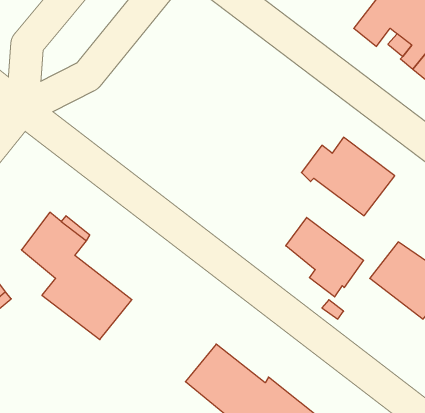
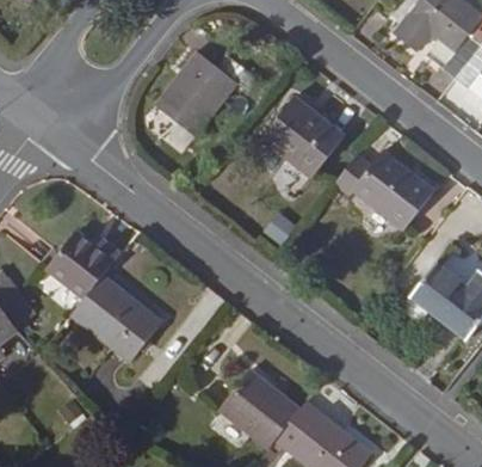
building: none -> [155,50,260,137]
building: none -> [261,94,346,178]
building: [286,217,364,297] -> none

